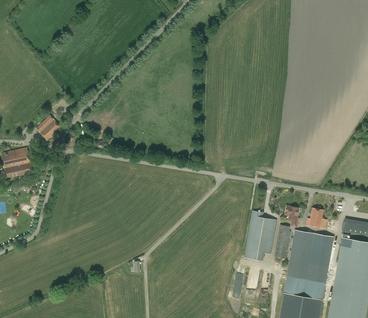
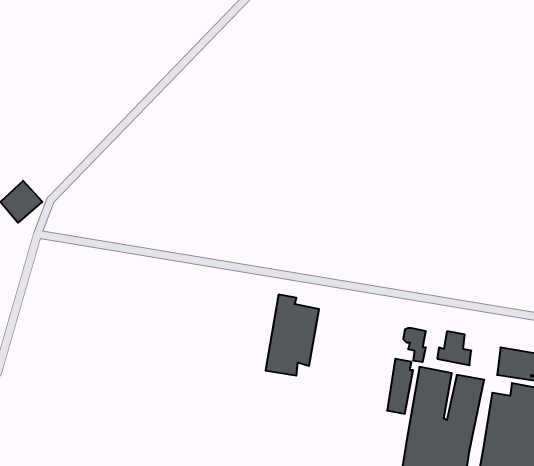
building: [243,211,276,261] -> [266,295,319,376]

